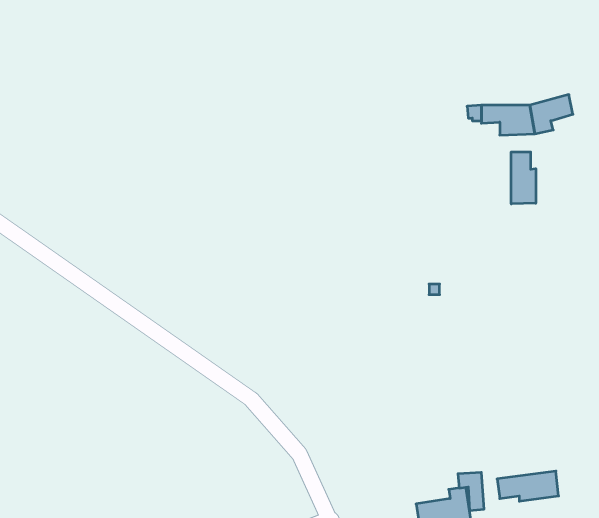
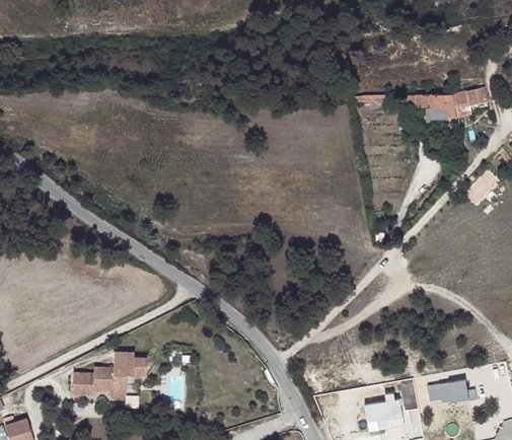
building: [511,152,536,204] -> none
building: none -> [72,351,146,398]

